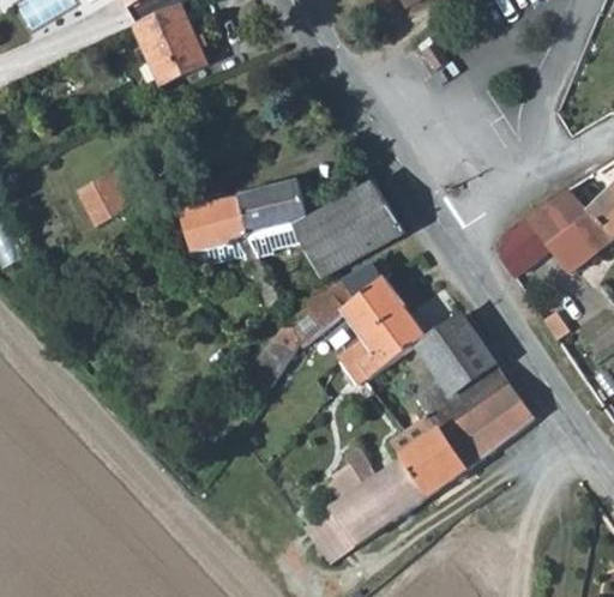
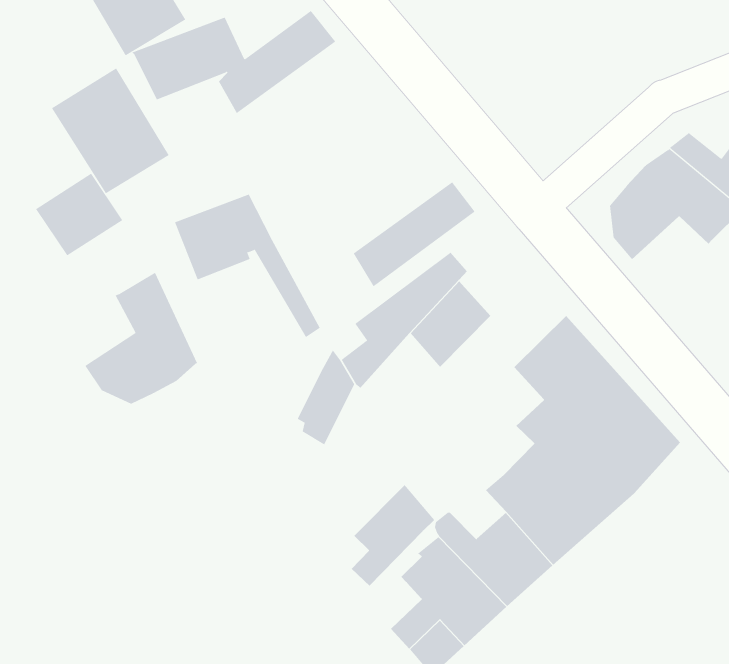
building: none -> [51,68,170,194]
building: [236,177,387,249] -> [131,10,336,114]
building: none -> [84,272,198,404]
building: [357,307,423,379] -> [351,484,435,586]

